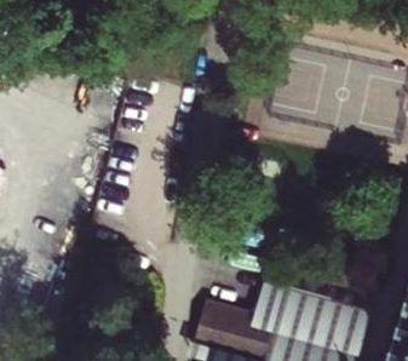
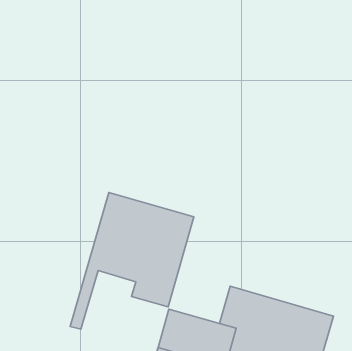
building: none -> [70,192,194,329]

